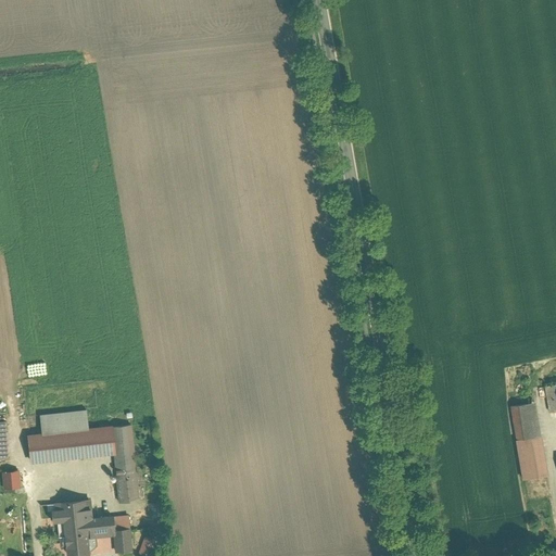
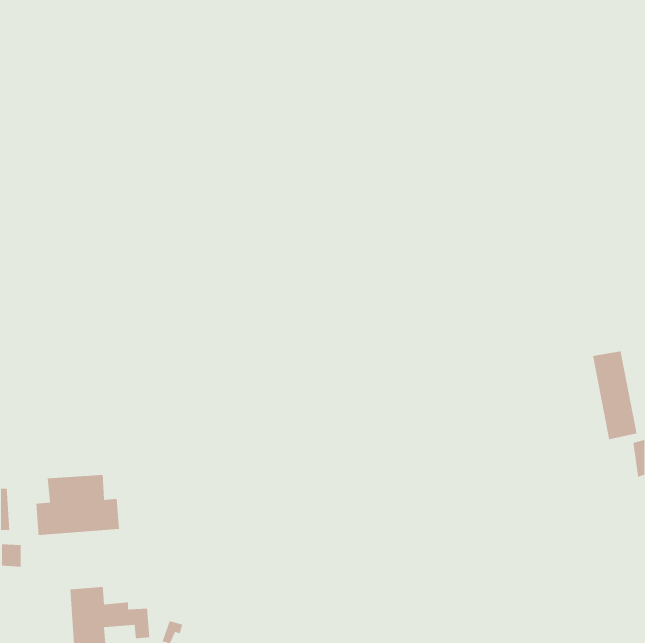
building: [509,403,548,480] -> [592,351,638,440]
building: [110,429,143,508] -> none

